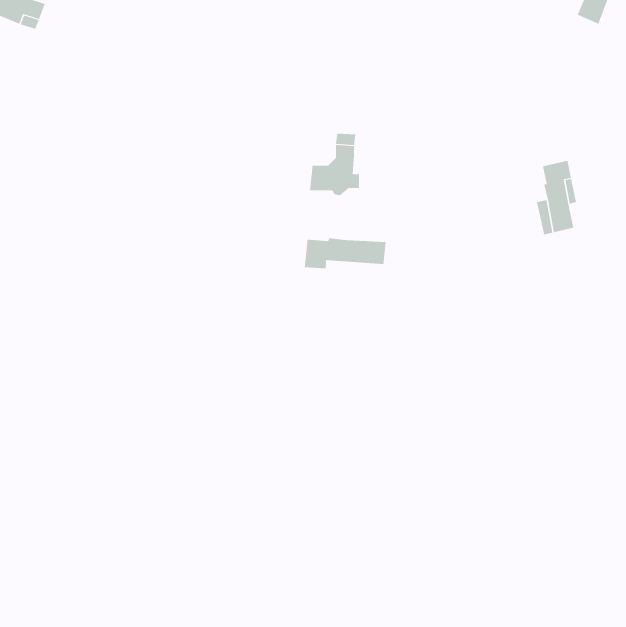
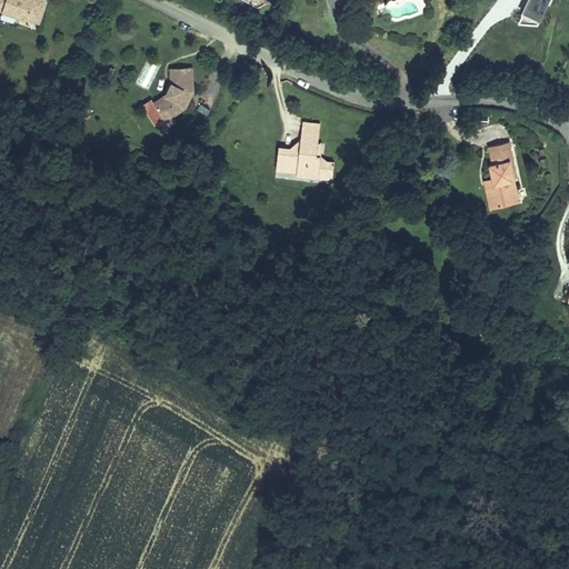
building: none -> [150,69,190,120]
building: [304,238,386,269] -> none

